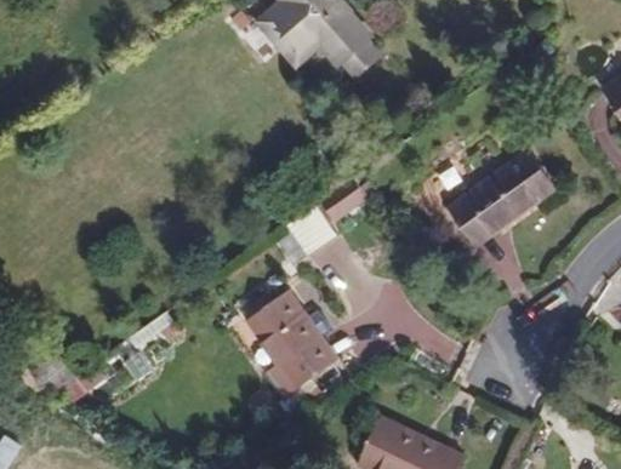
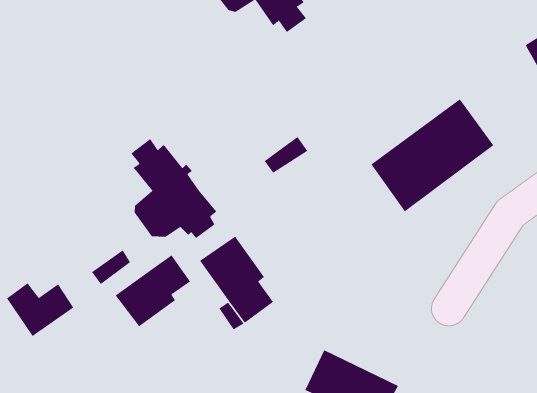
building: none -> [131,138,217,239]
building: none -> [115,255,191,327]

